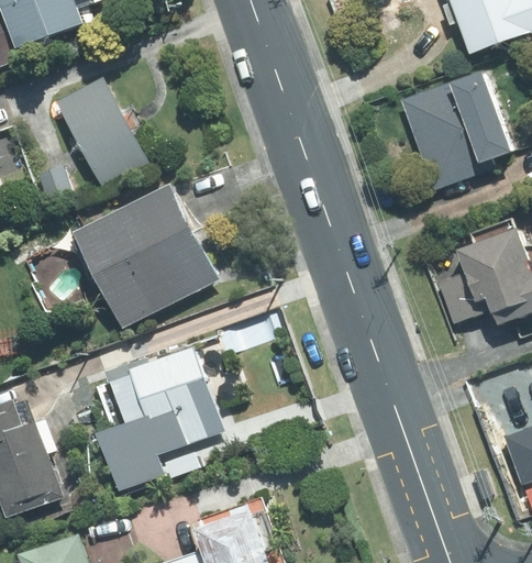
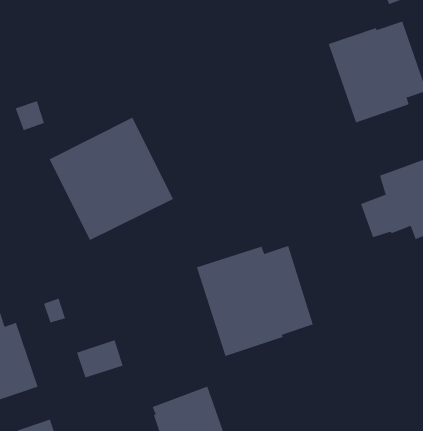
building: [54,76,147,188] -> none
building: none -> [196,245,313,357]
building: [110,347,213,445] -> none

